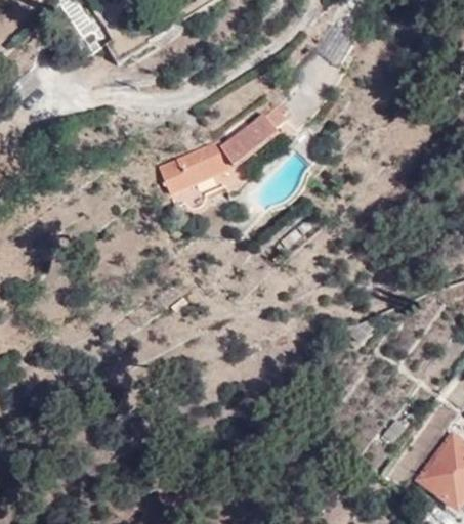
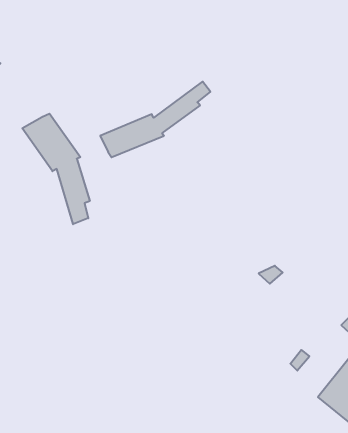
building: none -> [22,114,90,224]

